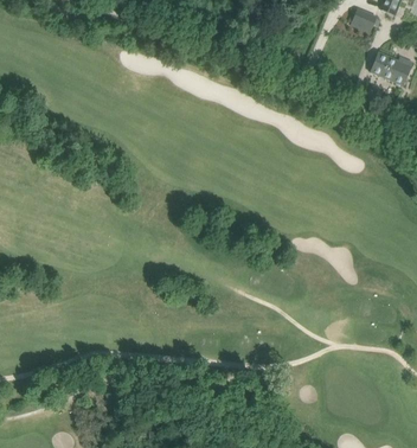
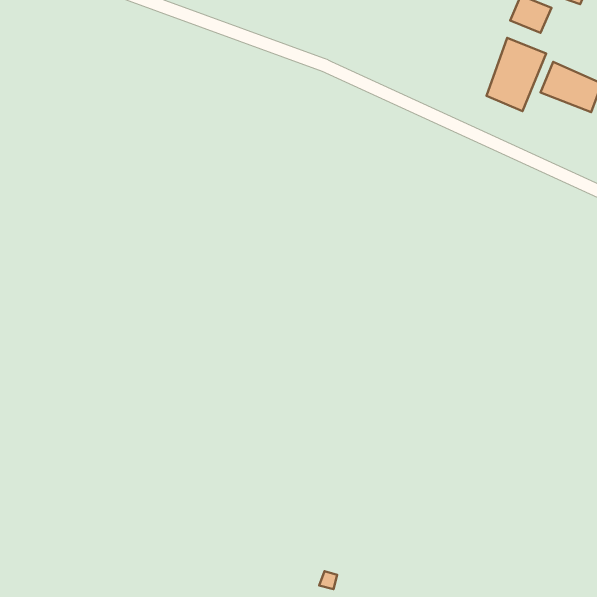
building: none -> [487,38,546,111]

